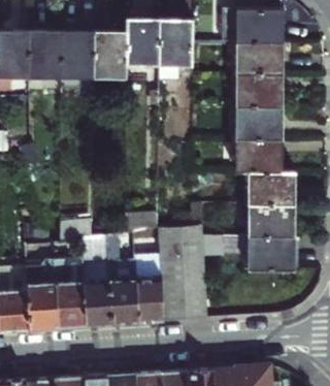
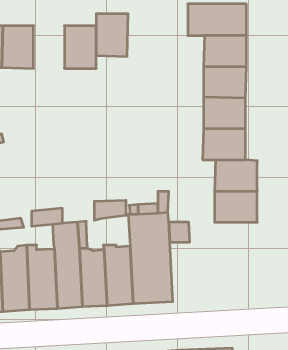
building: [158,20,192,79] -> none
building: [61,32,93,87] -> none
building: [249,236,293,270] -> none

